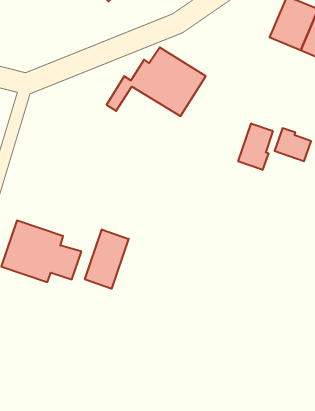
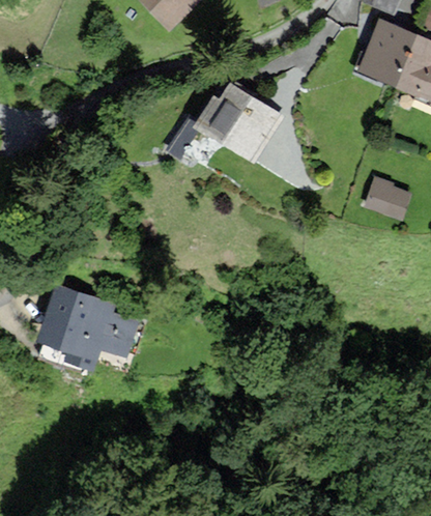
building: [238,123,273,170] -> none
building: [85,229,129,289] -> none

